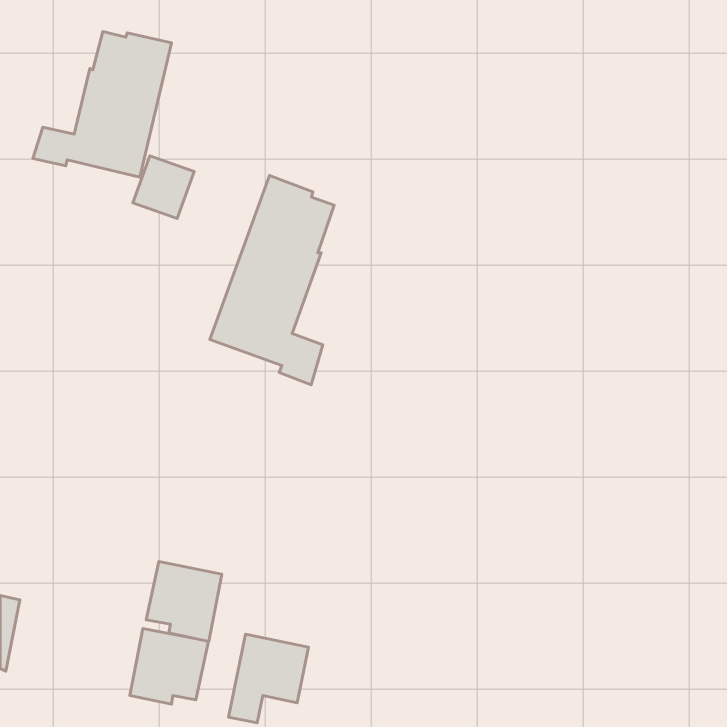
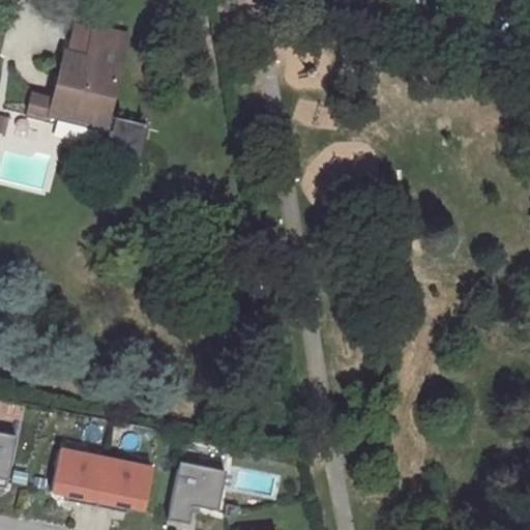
building: [210,176,334,385] -> none
building: [146,561,222,641] -> [51,446,106,504]

